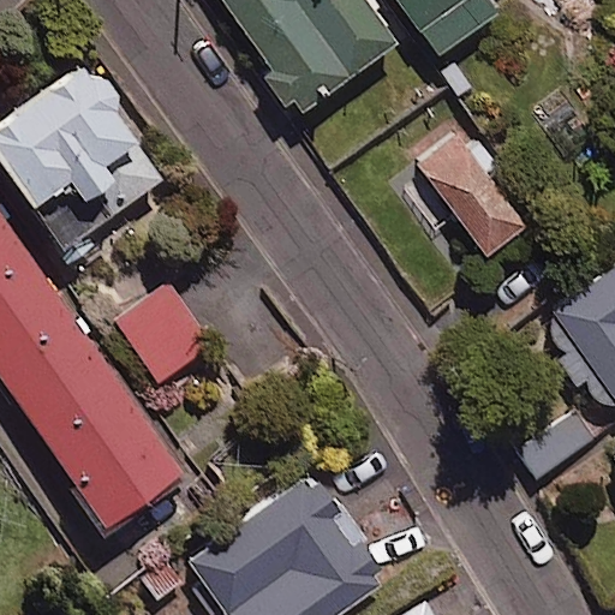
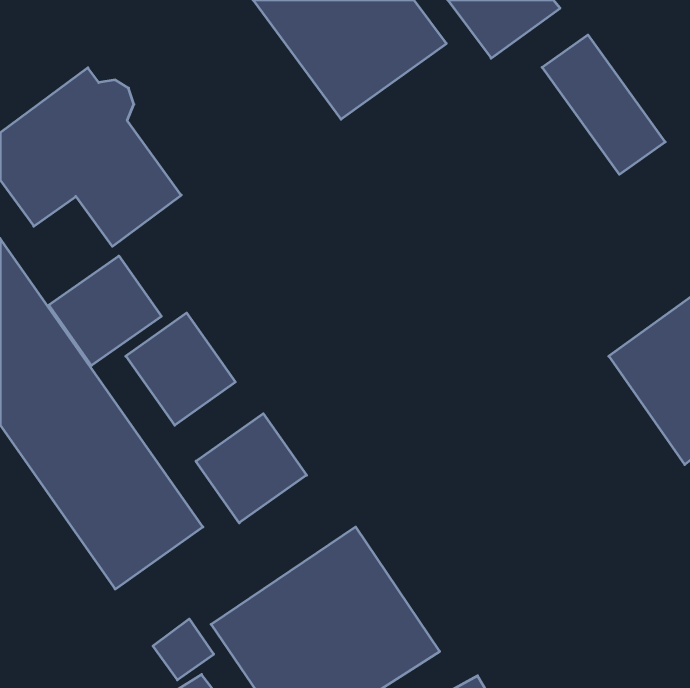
building: [417,132,526,256] -> [542,35,665,174]
building: none -> [49,256,161,365]
building: none -> [196,414,307,523]

